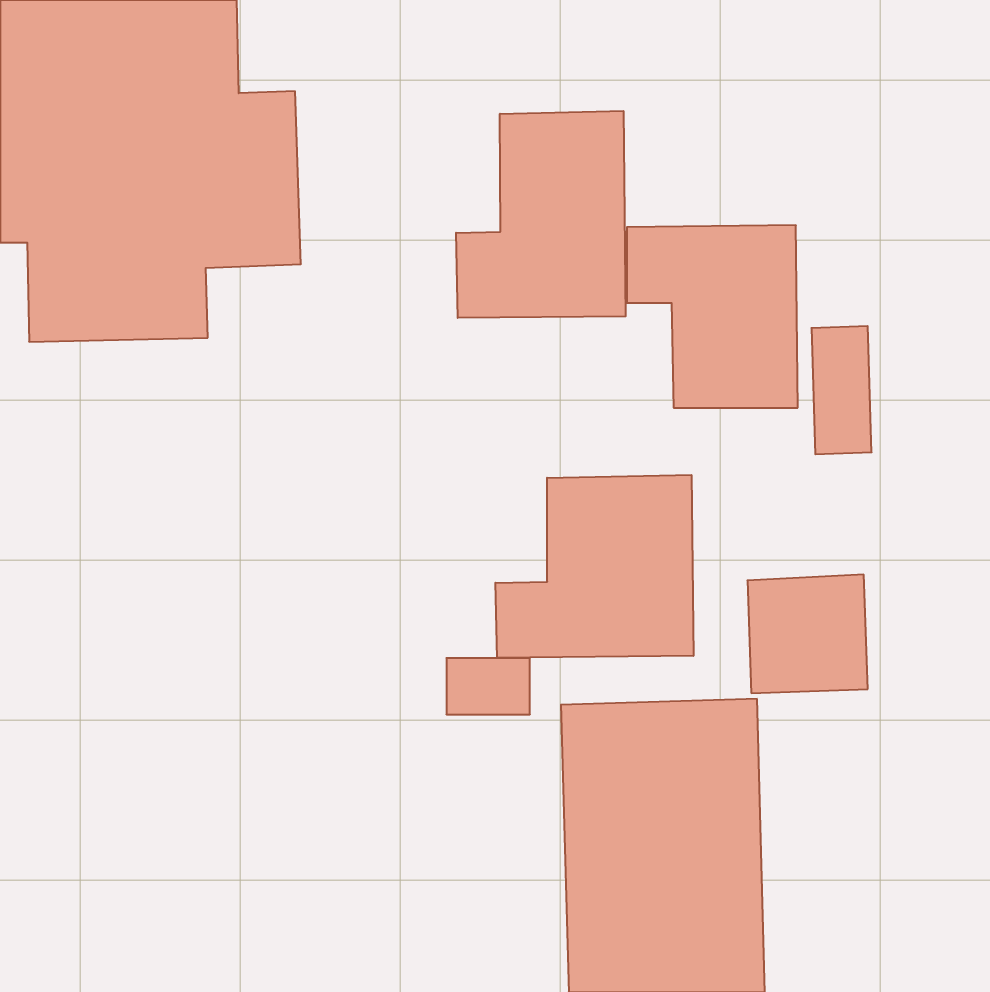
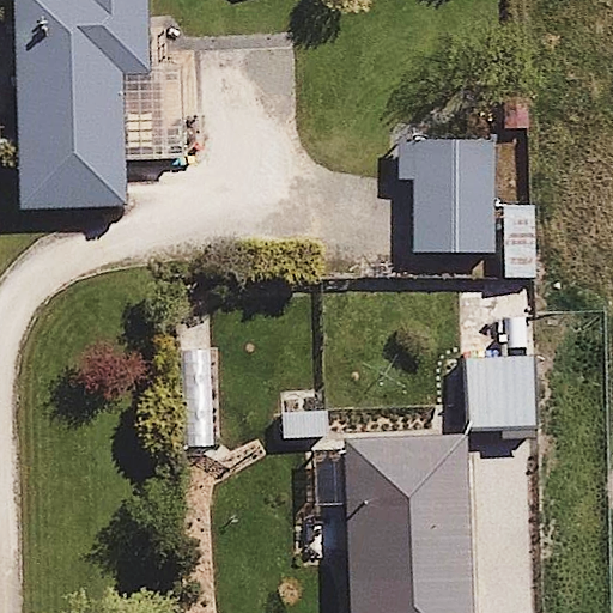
building: [456,111,626,318] -> none
building: [495,475,693,658] -> none

